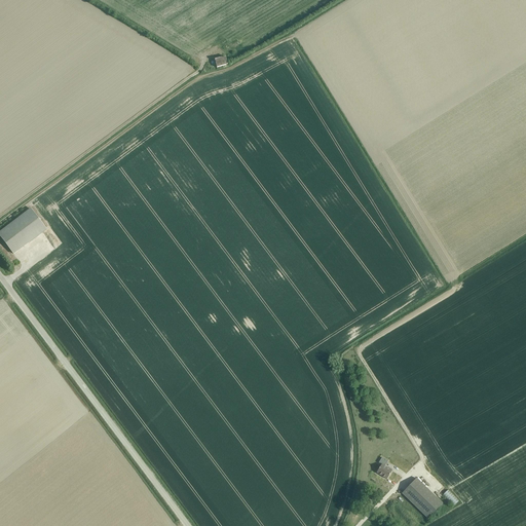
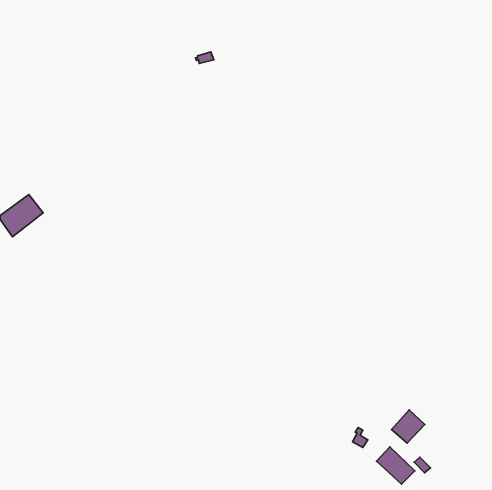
building: none -> [392,410,425,443]

